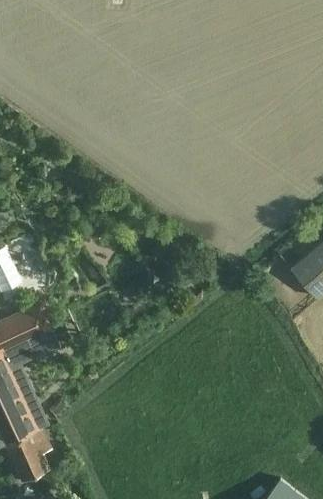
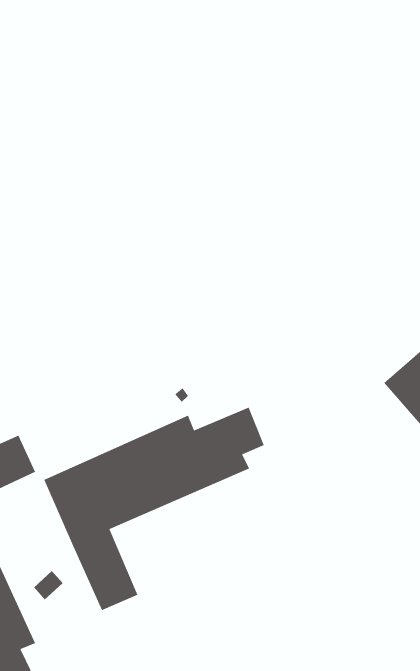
building: none -> [43,407,265,611]

